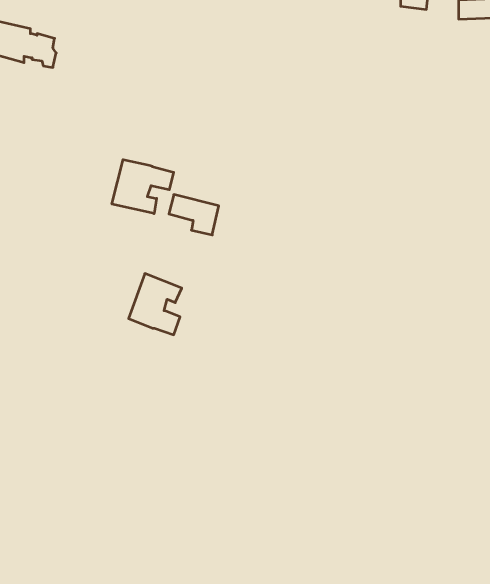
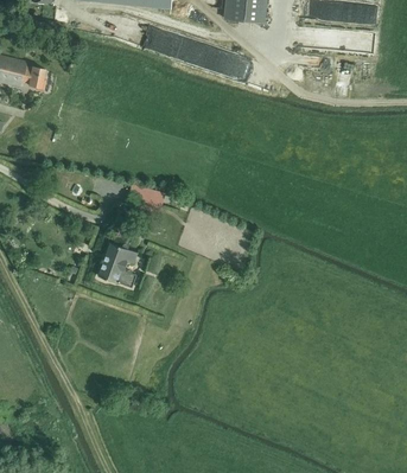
building: [112,160,174,214] -> none

